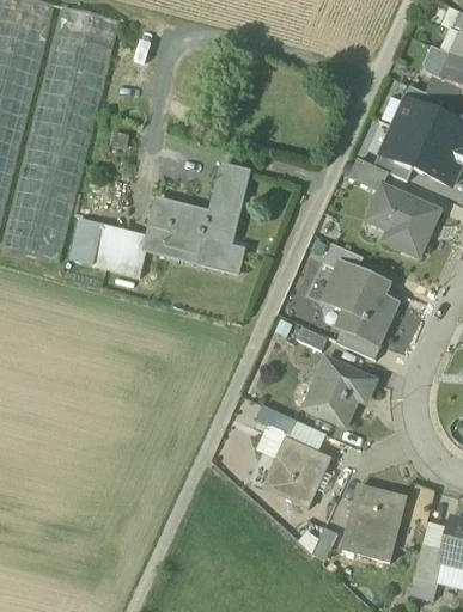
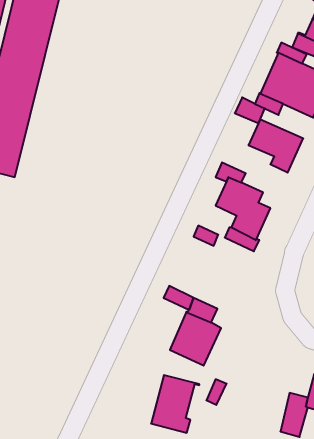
building: [151,164,248,271] -> none
building: [72,218,146,275] -> none
building: [303,357,374,424] -> none
building: [342,484,406,559] -> [151,375,199,433]

